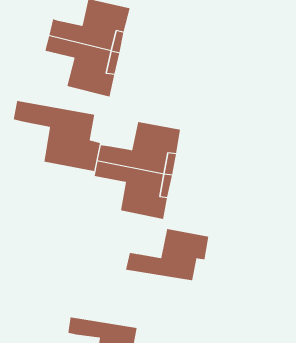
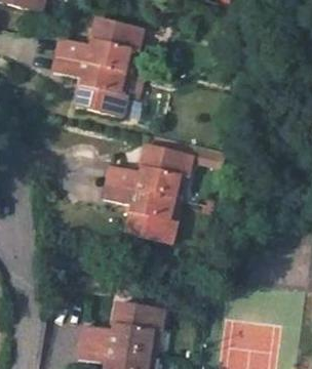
building: [13,100,100,172] -> none
building: [125,228,209,281] -> [79,299,164,353]

